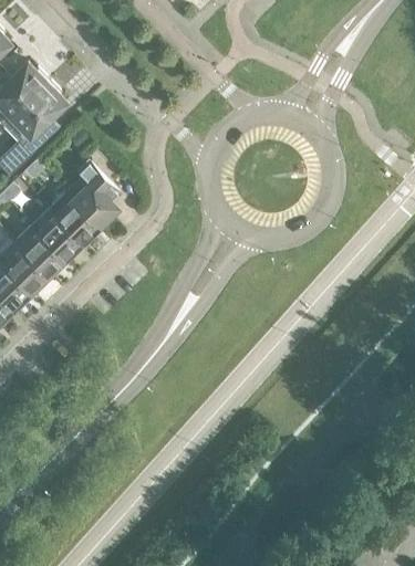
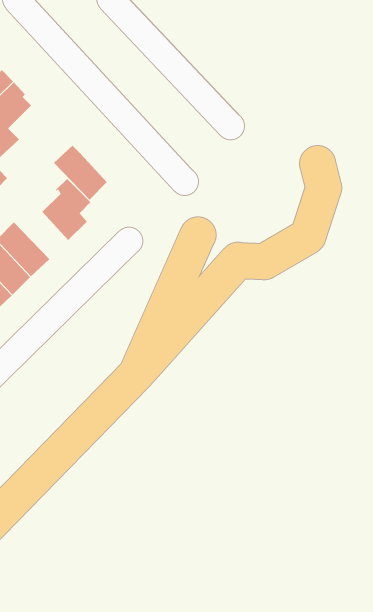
building: [50,191,100,242] -> [53,145,108,200]

